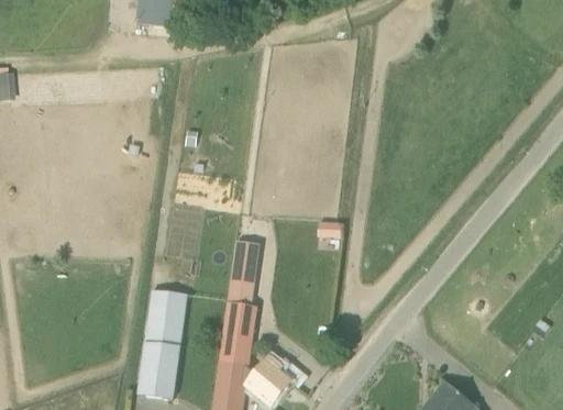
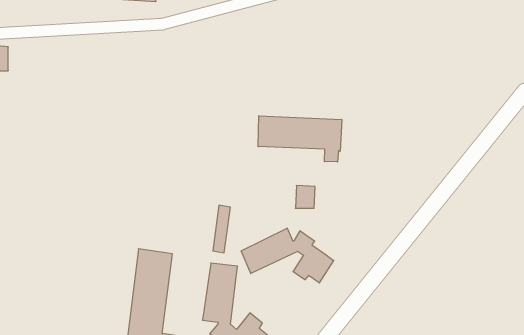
building: none -> [258,116,342,162]
building: none -> [241,228,334,283]

